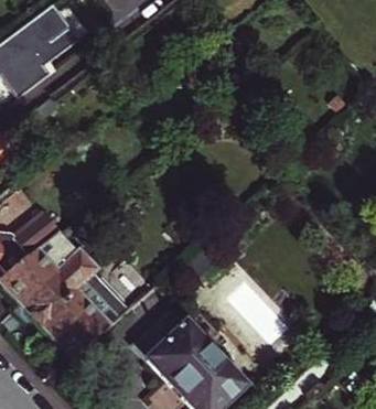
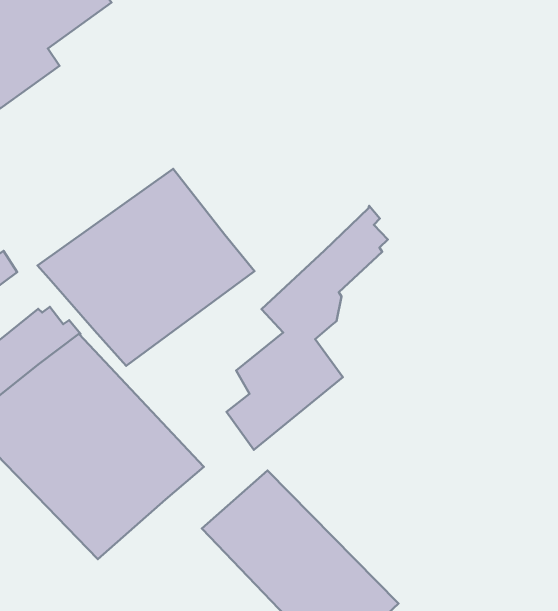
building: none -> [38,169,254,366]
building: none -> [226,206,388,450]

